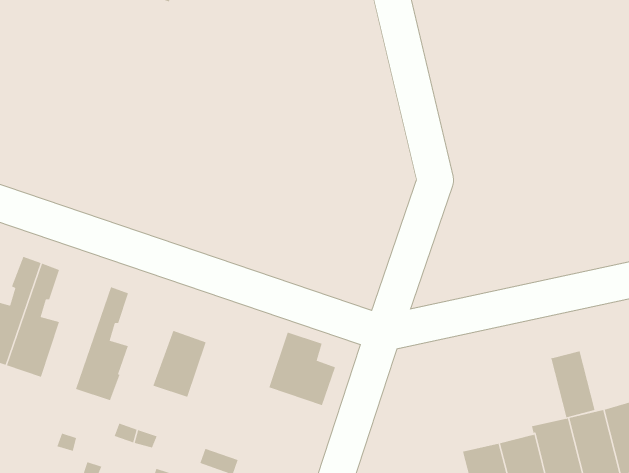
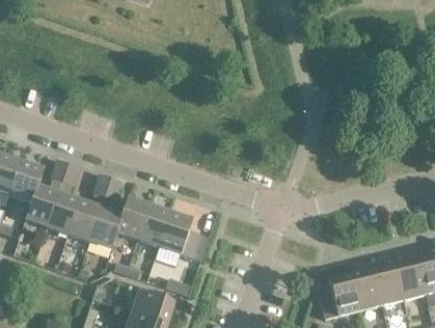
building: none -> [69,173,111,241]
building: none -> [116,197,149,239]
building: [269,332,336,406] -> [159,212,200,257]
building: [550,350,595,418] -> none

